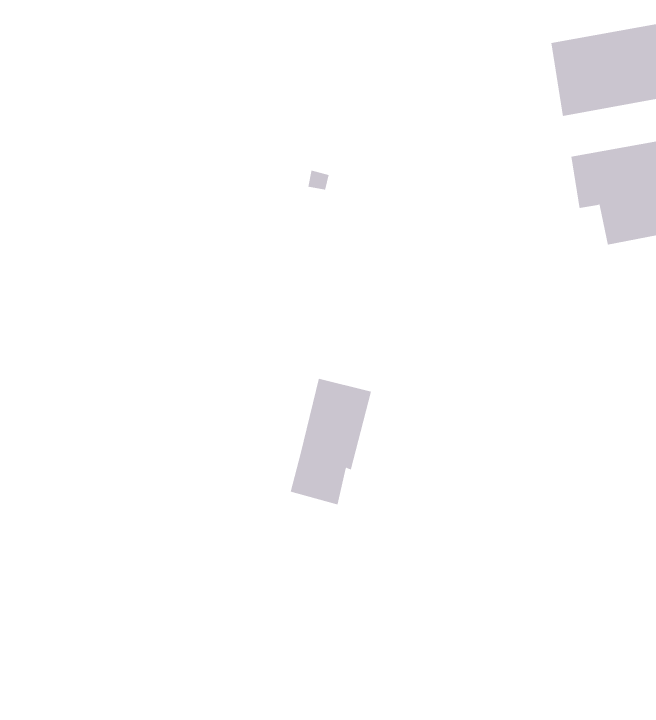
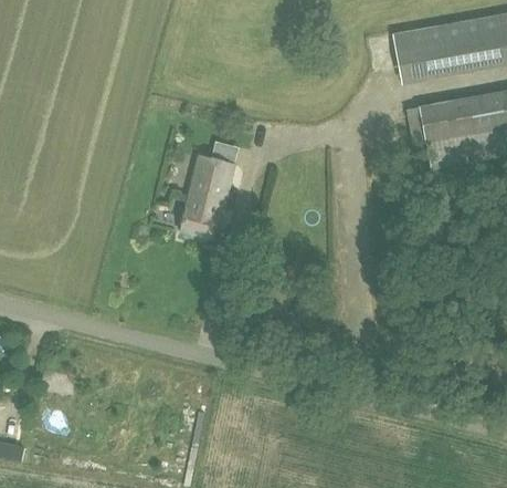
building: [290,378,372,505] -> [179,154,233,238]

